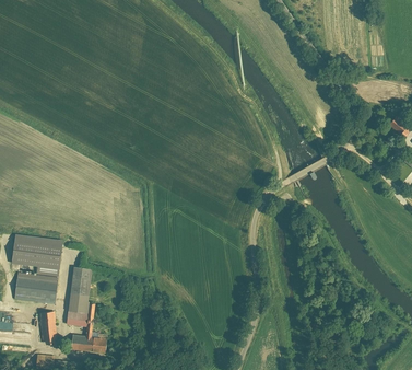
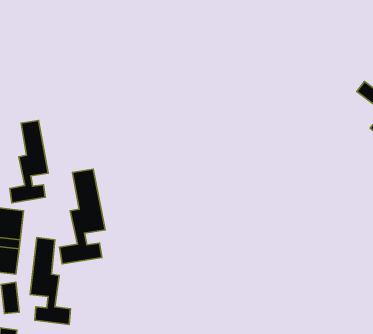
building: none -> [10,120,48,203]
building: none -> [60,169,105,264]

